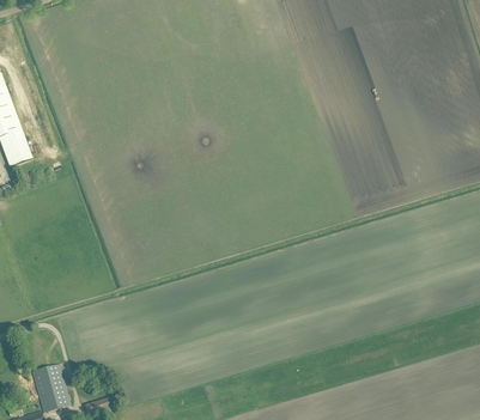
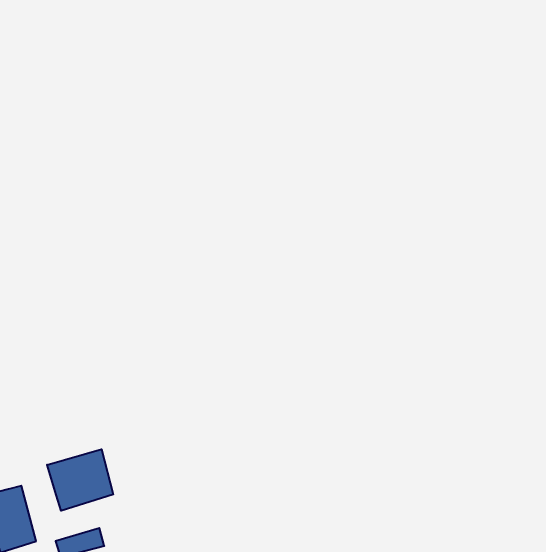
building: none -> [47,449,113,511]

